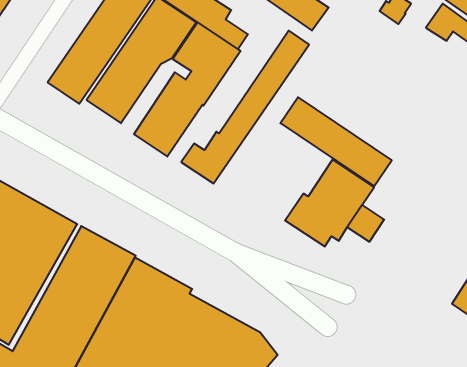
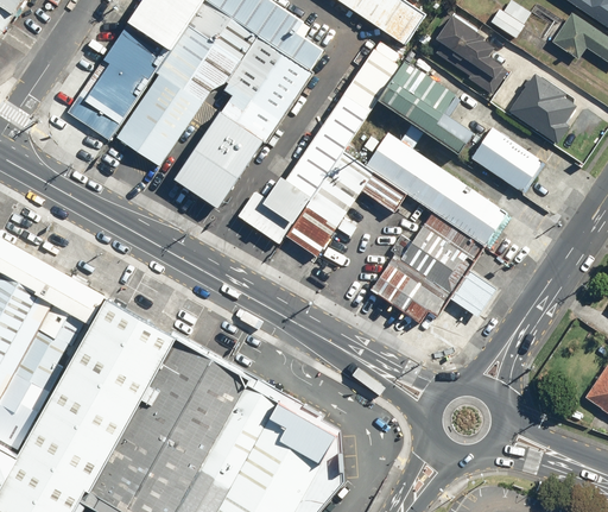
building: none -> [433,15,507,95]
building: none -> [375,61,471,156]
building: none -> [507,74,576,144]
building: none -> [470,127,542,192]
building: none -> [286,152,406,255]

